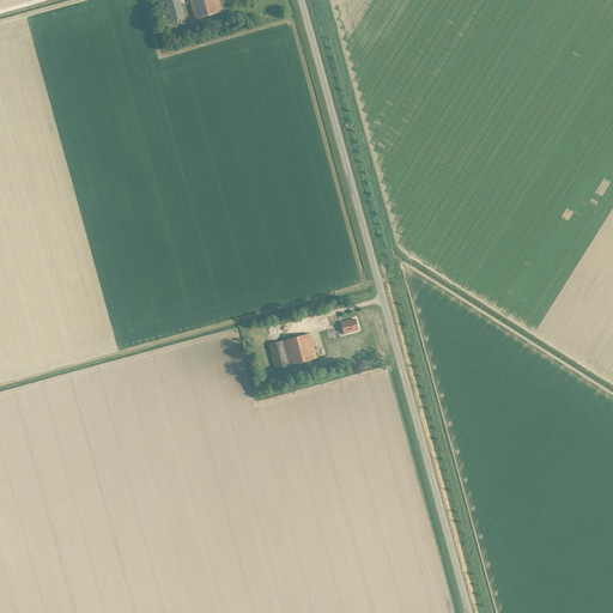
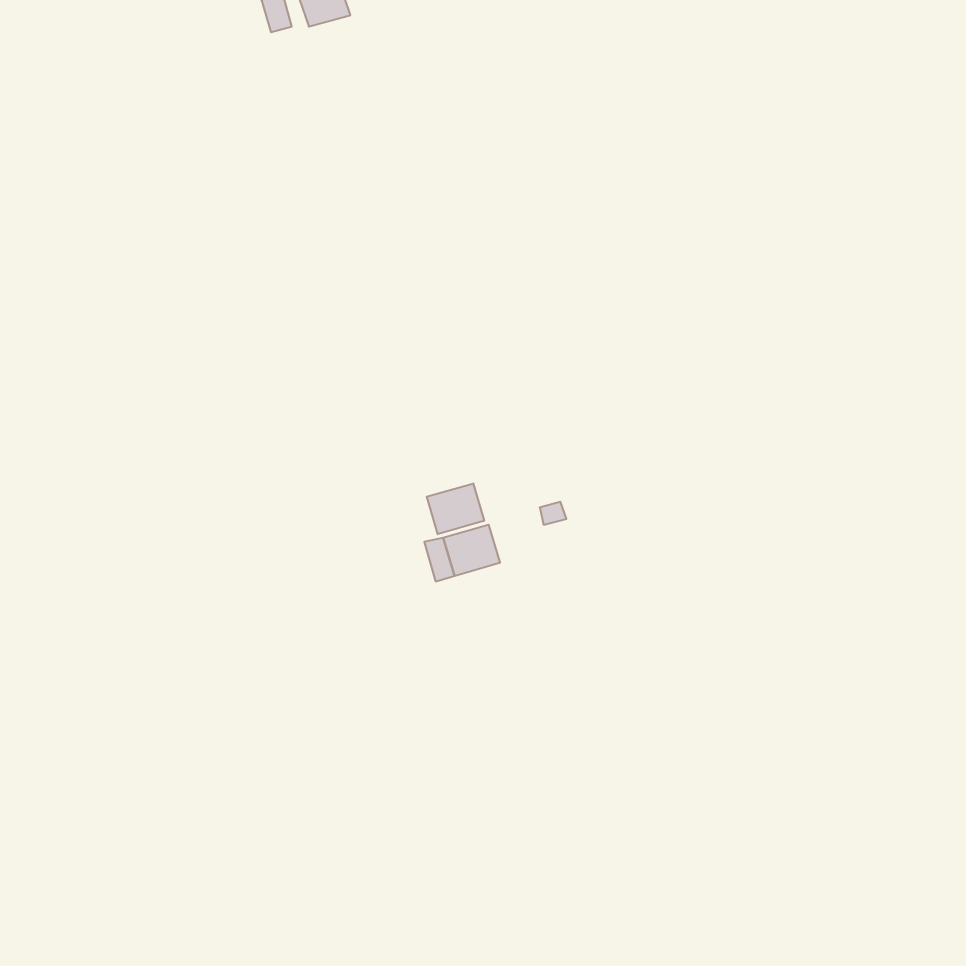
building: none -> [427,483,484,534]

